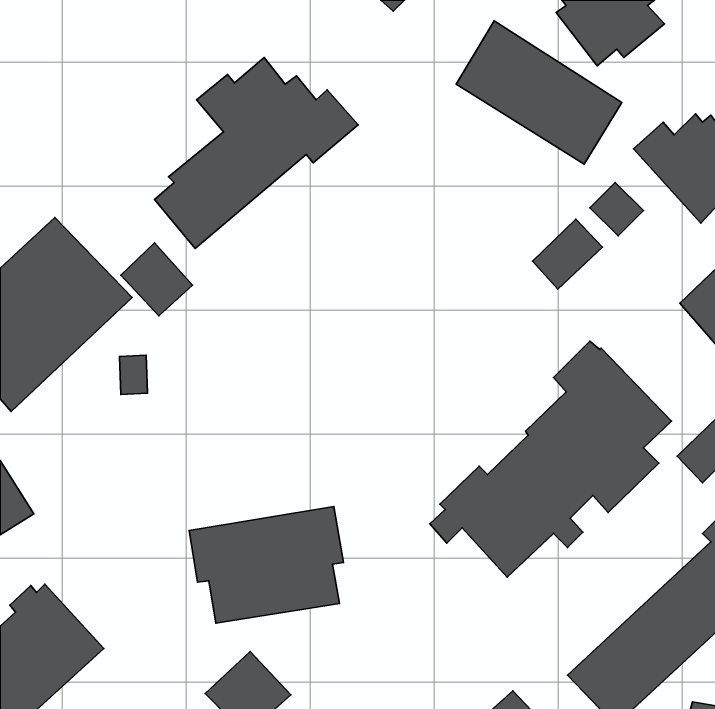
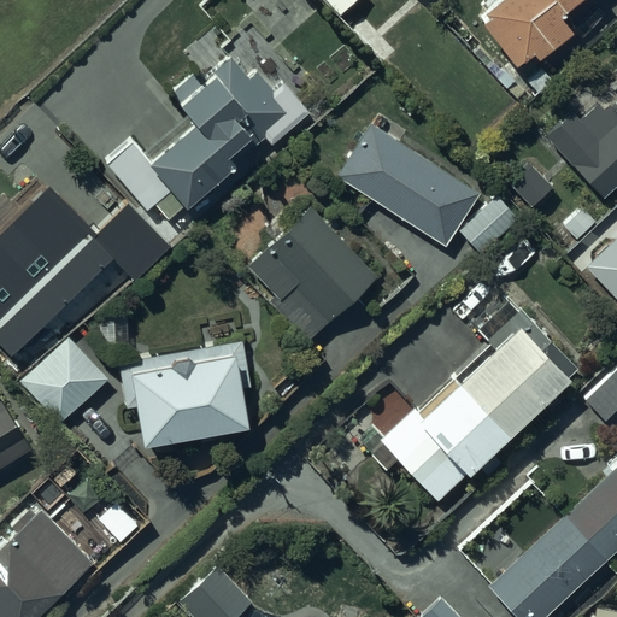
building: [456,21,622,164] -> [336,124,478,247]
building: none -> [248,207,376,346]
building: none -> [20,339,108,427]
building: [189,506,344,623] -> [118,341,251,441]

